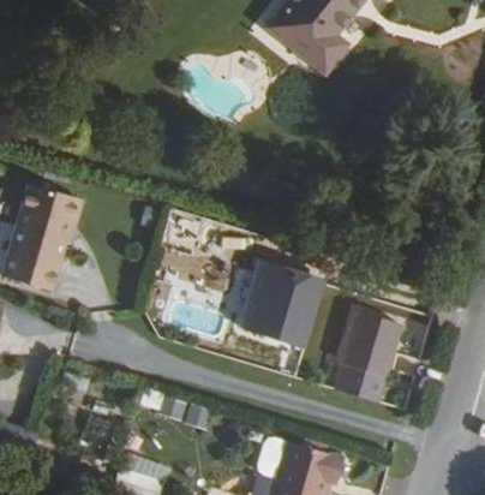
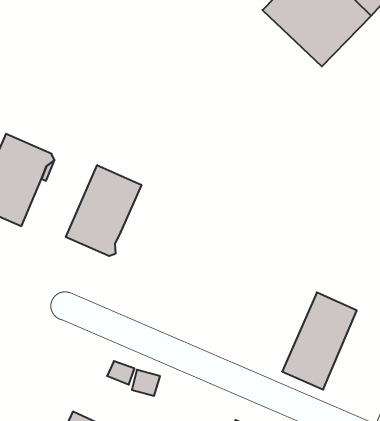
building: none -> [66,165,141,256]
building: [244,254,322,341] -> none

